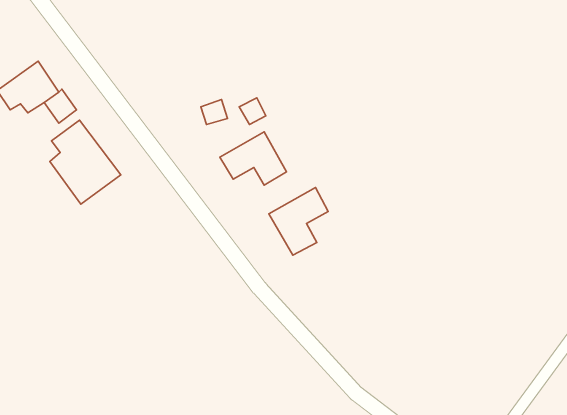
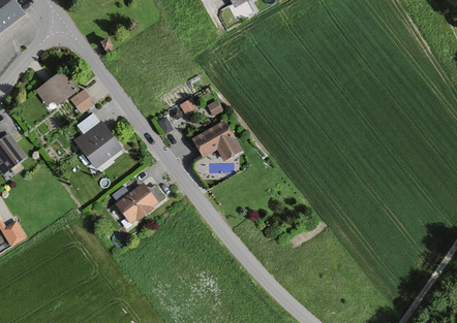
building: [269,187,328,255] -> none
building: none -> [116,184,159,225]

